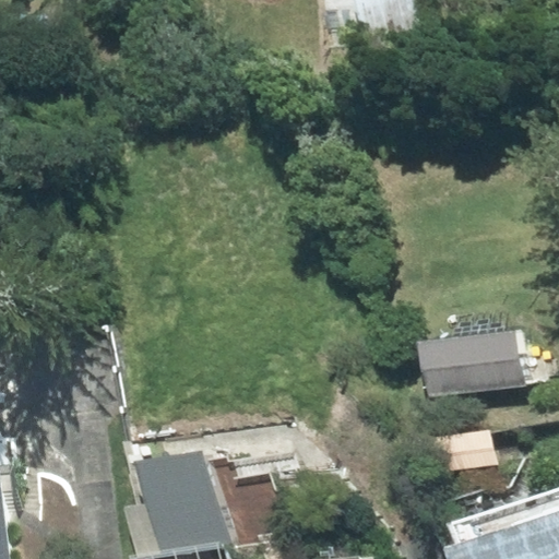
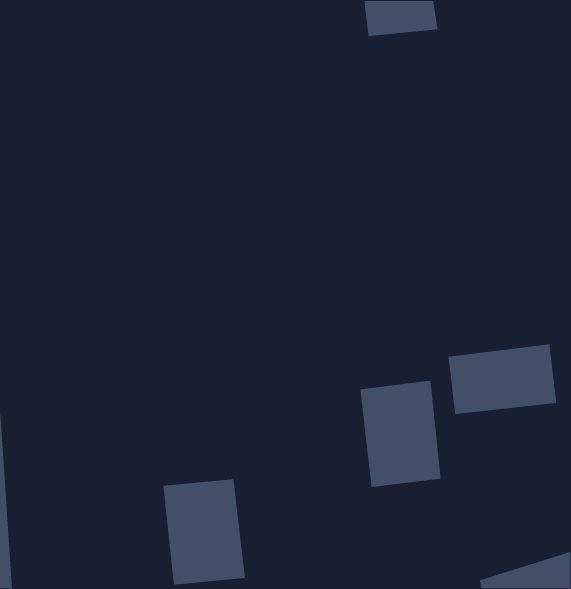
building: none -> [359,380,442,488]

